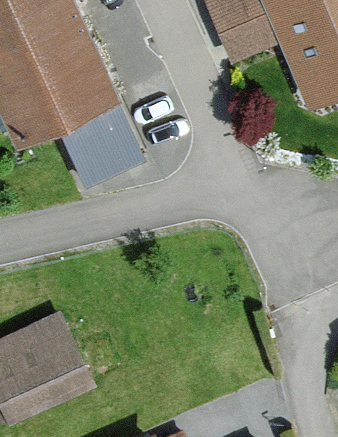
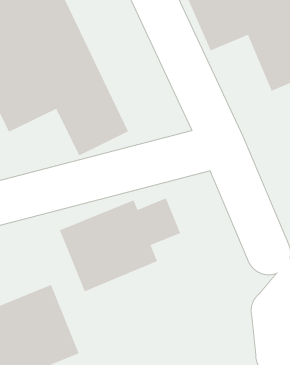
building: none -> [59,197,181,292]

